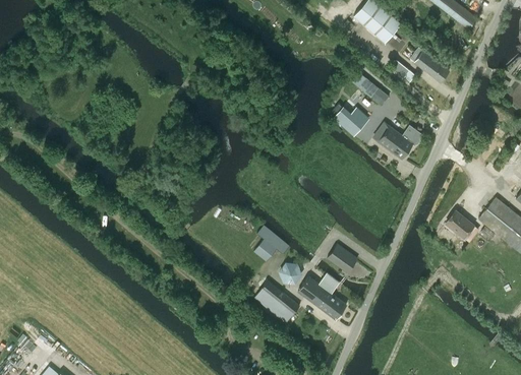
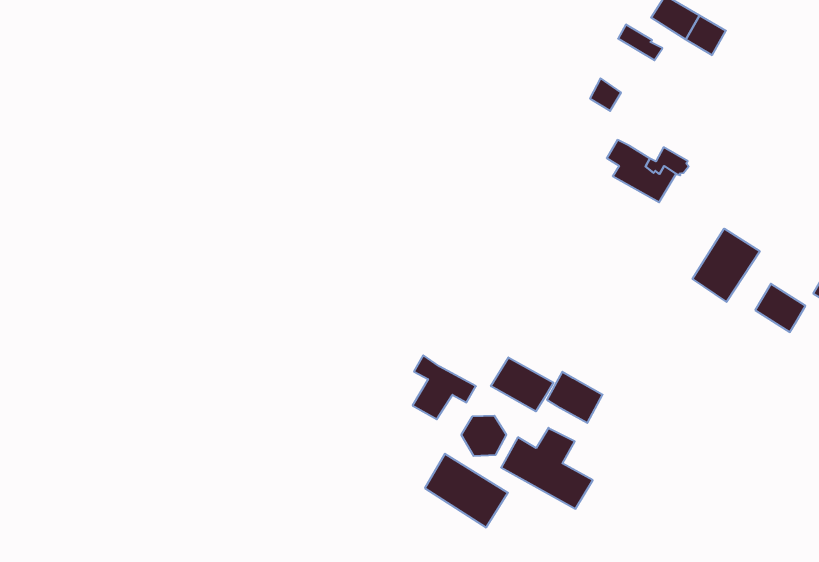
building: [340,109,367,136] -> none
building: none -> [693,229,760,302]
building: none -> [491,357,553,411]

